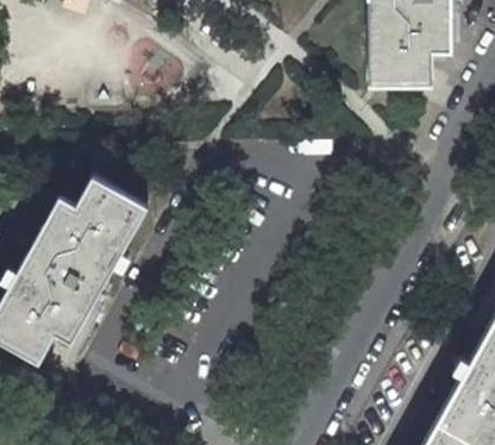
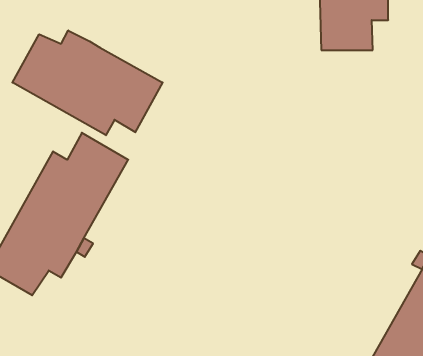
building: none -> [12,30,163,135]

